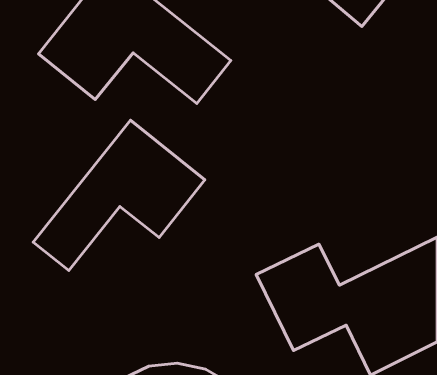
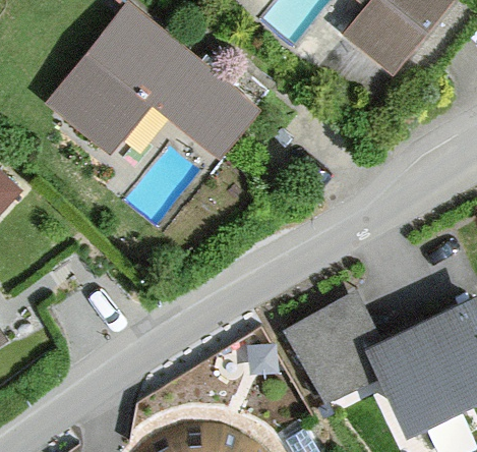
building: [33,120,205,271] -> none

